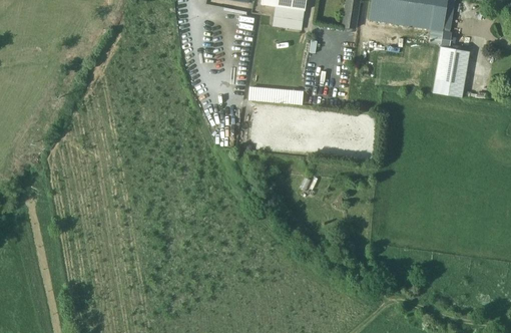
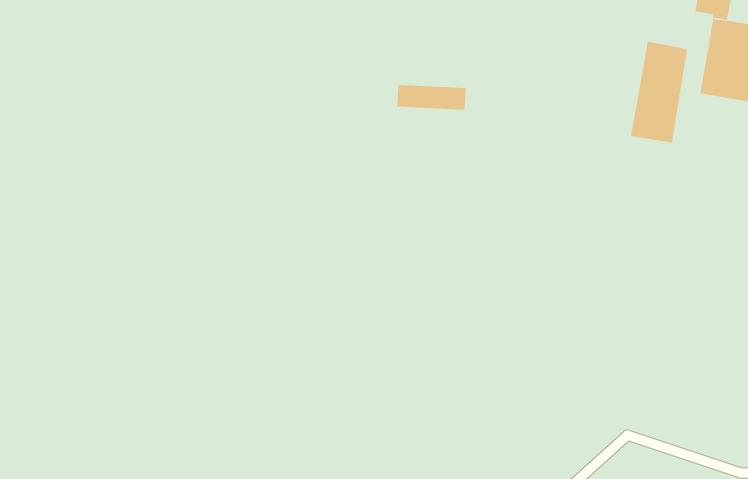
building: none -> [630,41,688,144]

